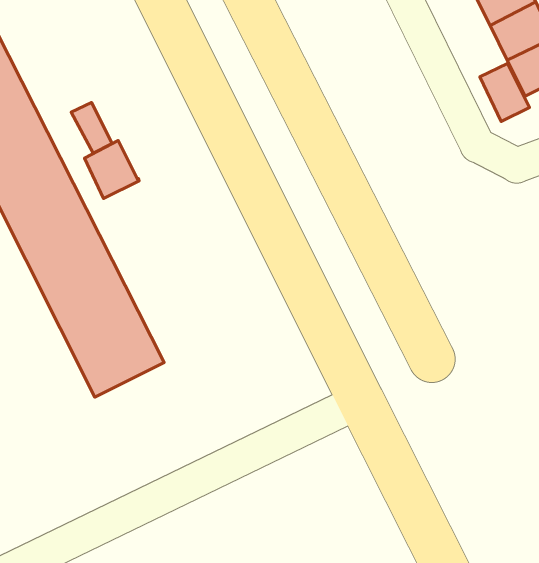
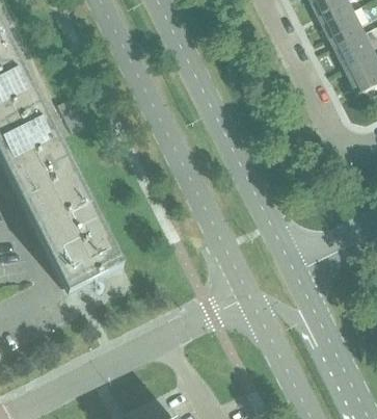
building: [480,64,529,122] -> none
building: [84,140,139,199] -> none

